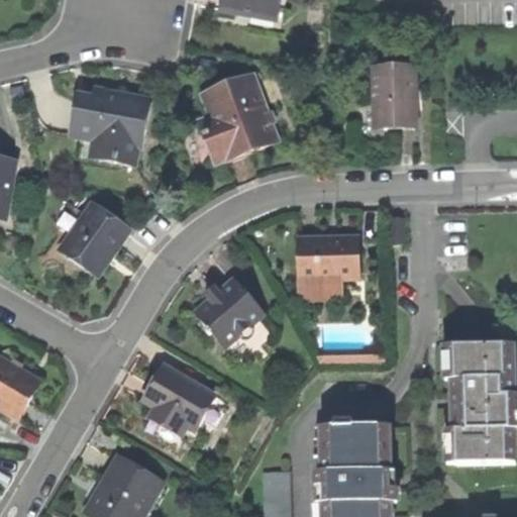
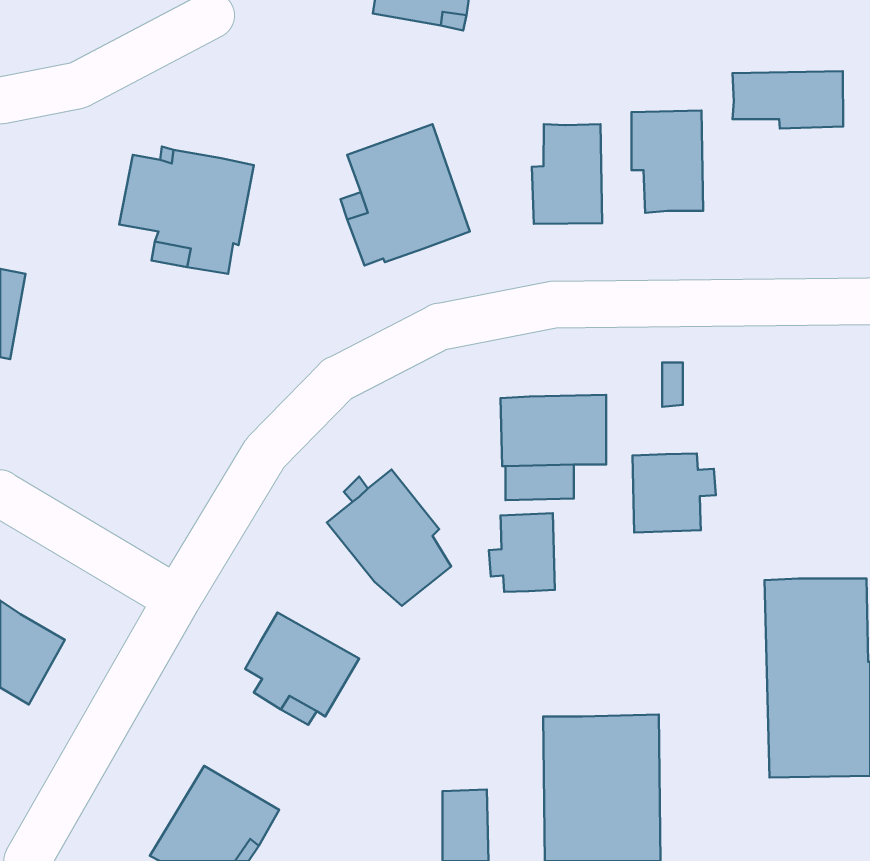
building: none -> [733,71,843,129]
building: none -> [532,124,602,224]
building: [49,202,130,281] -> none
building: none -> [632,454,716,533]
building: none -> [489,513,555,592]

